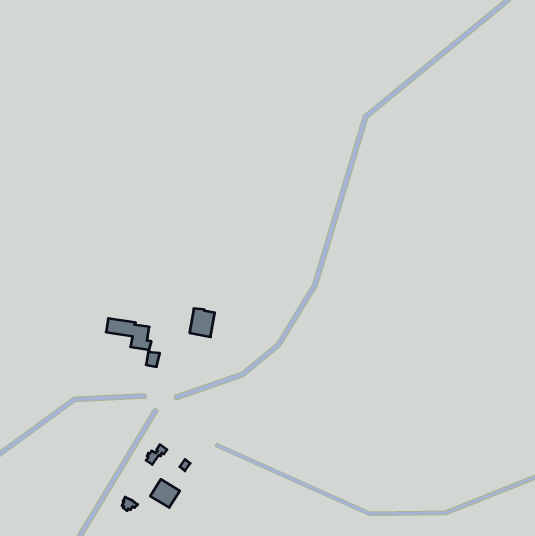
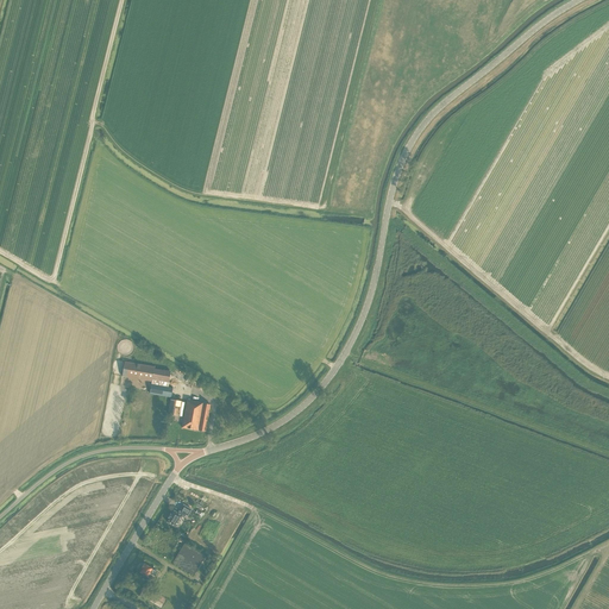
building: [190,309,215,337] -> [180,398,208,431]

